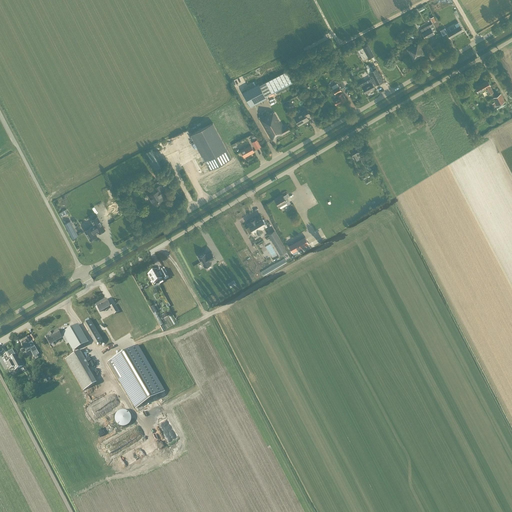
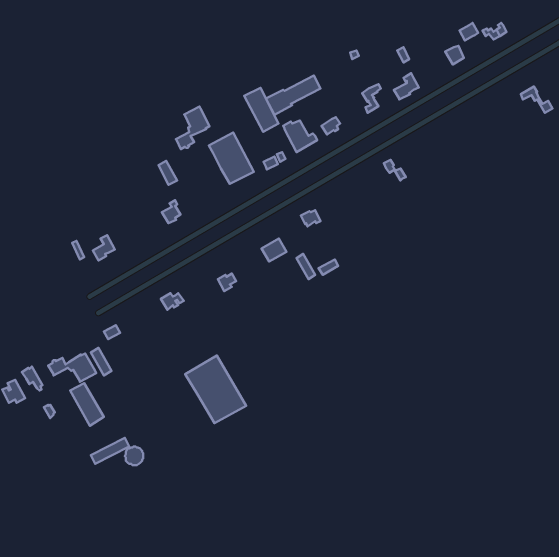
building: none -> [244,88,279,132]
building: none -> [176,106,209,149]
building: [108,344,164,406] -> [185,355,246,423]

